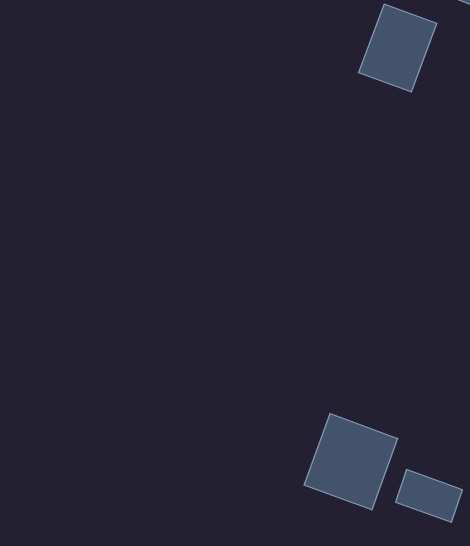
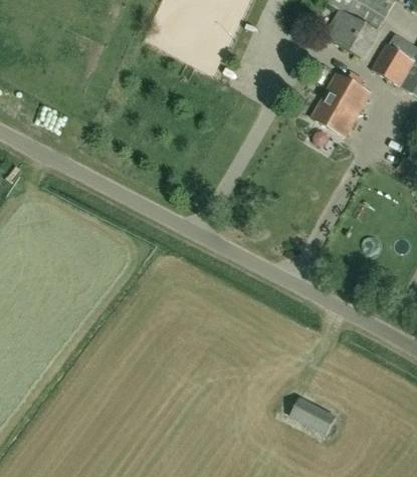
building: [304,413,398,510] -> none

